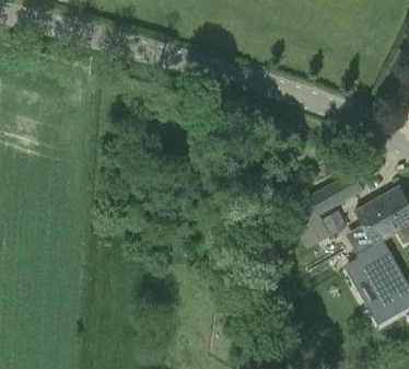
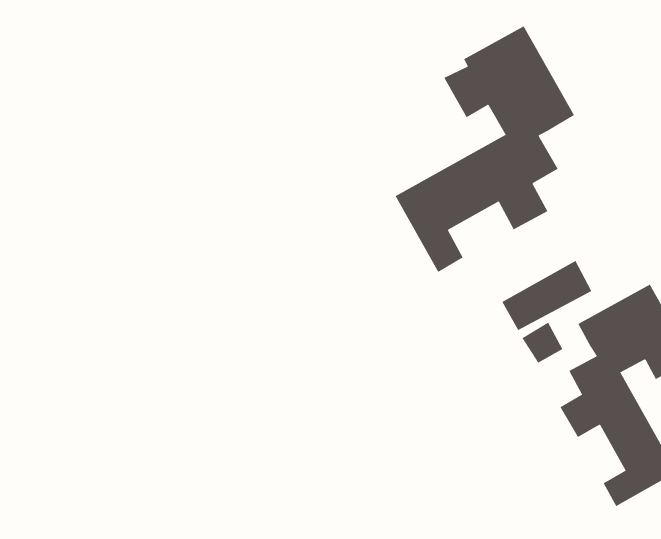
building: none -> [395,26,575,273]

